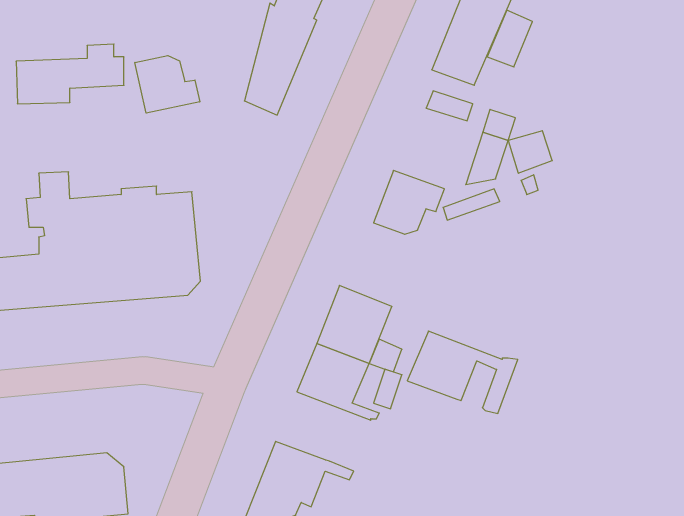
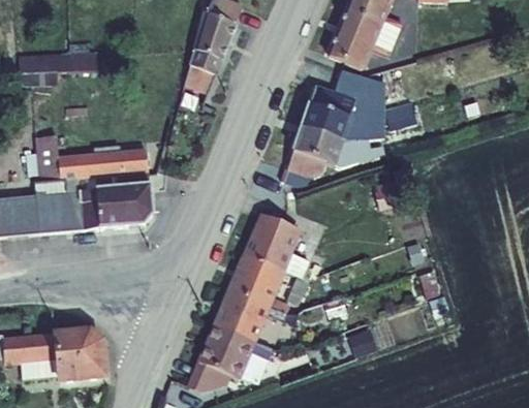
building: [135,56,200,113] -> none
building: none -> [298,86,351,144]
building: [407,331,518,413] -> [212,291,292,351]

